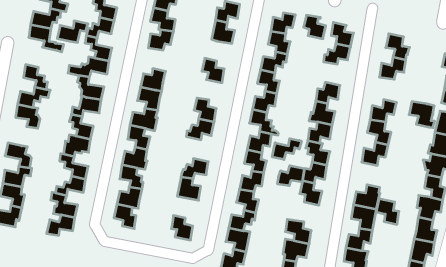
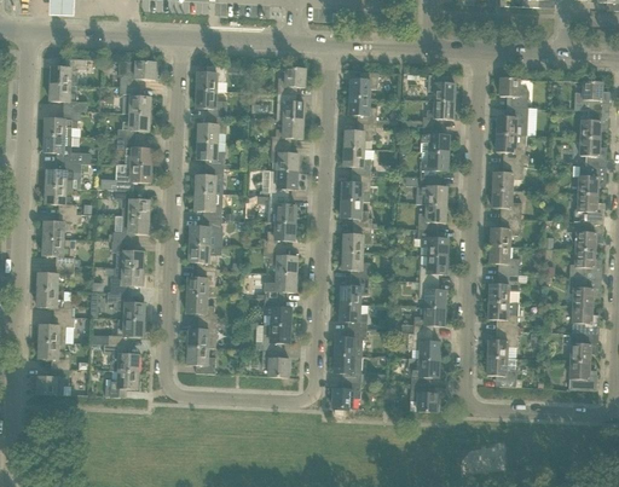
building: [304,15,326,39] -> [421,124,449,151]
building: [57,21,88,42] -> [45,160,81,186]
building: none -> [271,118,302,144]
building: none -> [196,140,224,167]
building: none -> [268,169,297,195]
building: [409,102,435,128] -> [494,133,528,162]
building: none -> [37,263,73,289]
building: none -> [262,245,296,273]
building: [272,139,301,160] -> none
building: [277,166,304,186] -> [412,306,444,331]
building: none -> [261,323,290,349]
building: [376,199,399,224] -> [488,244,517,273]

